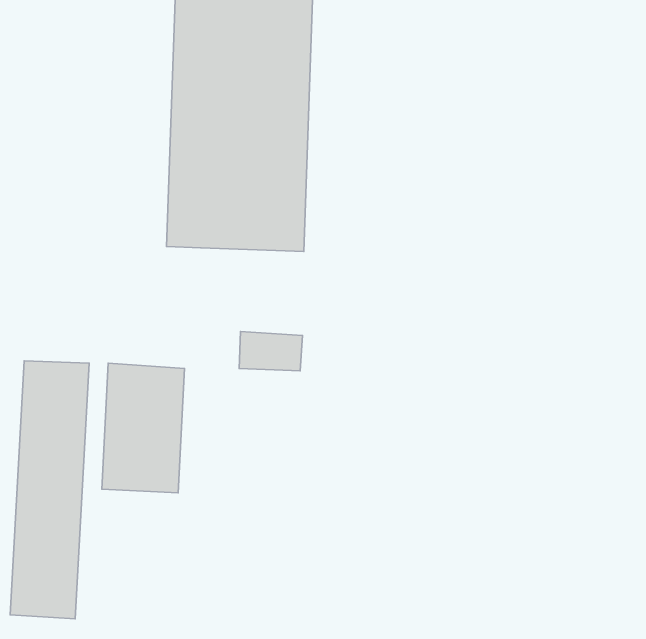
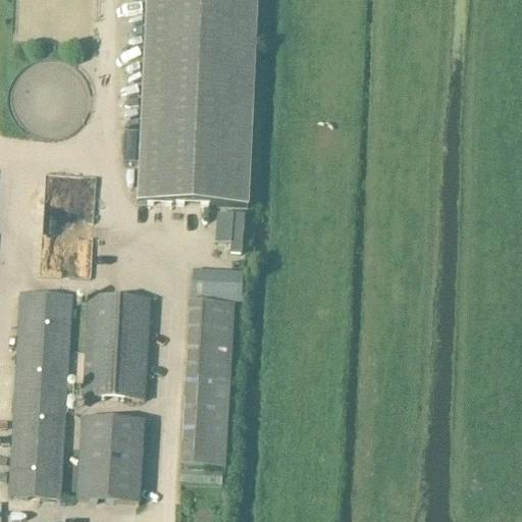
building: none -> [217,207,247,250]
building: none -> [184,298,233,463]
building: none -> [80,415,145,501]

